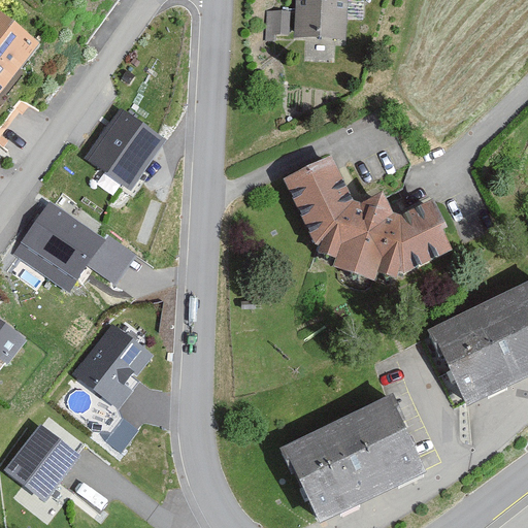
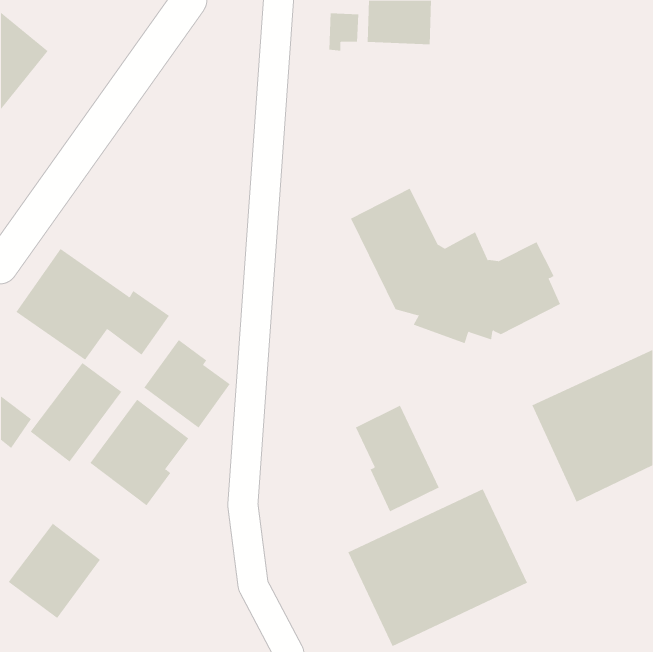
building: [88,108,166,189] -> none
building: none -> [144,339,231,428]
building: none -> [30,362,122,462]
building: none -> [355,405,439,512]

